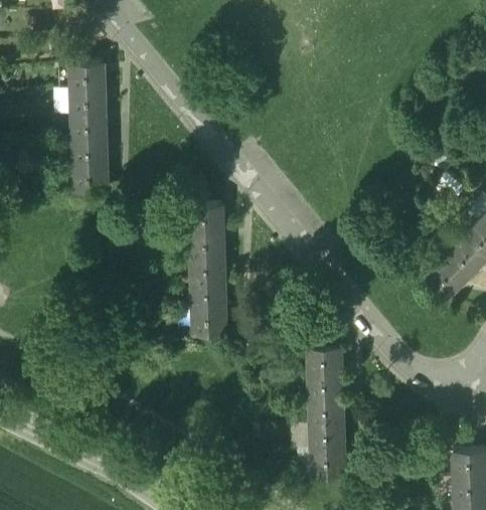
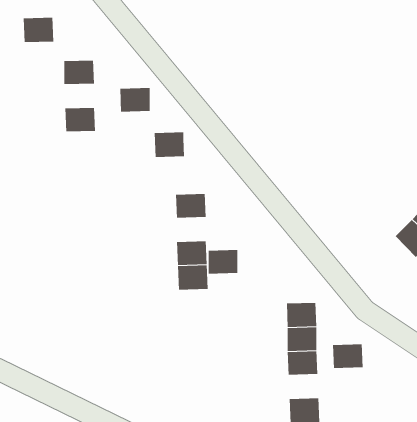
building: [70,64,104,92] -> [23,17,54,43]
building: [71,116,105,142] -> [119,87,151,112]
building: [73,166,107,193] -> none
building: [189,206,222,233] -> [154,132,185,157]
building: [191,258,223,284] -> [208,250,238,274]
building: [310,424,343,451] -> [332,344,363,369]

